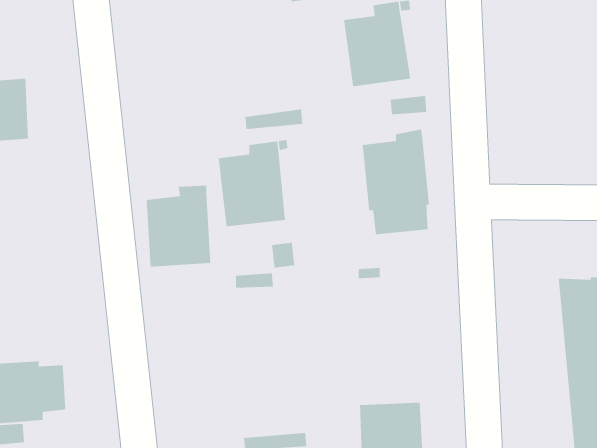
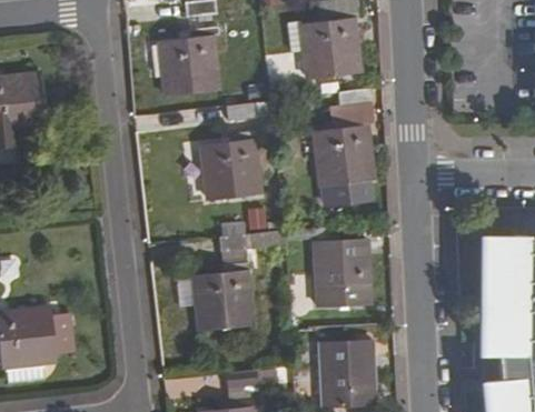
building: none -> [159,21,215,90]
building: [146,185,211,268] -> [190,263,245,332]
building: none -> [316,242,370,307]

